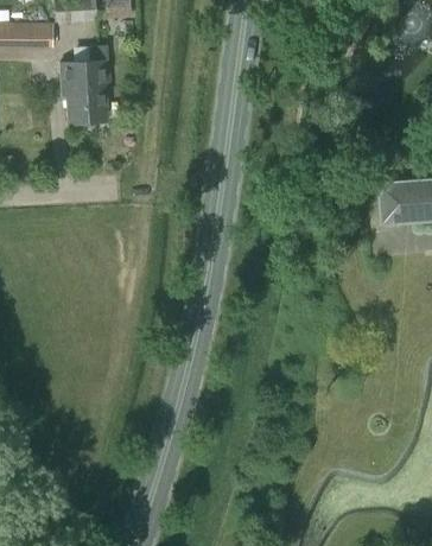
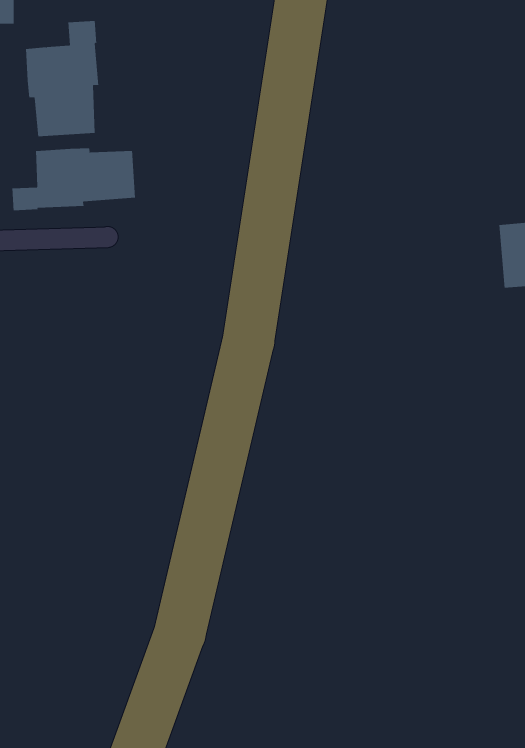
building: none -> [12,148,135,211]

